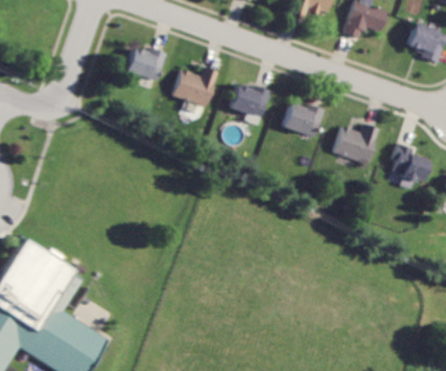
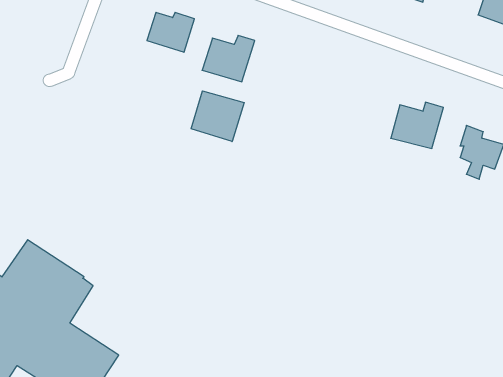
building: [231,85,270,117] -> none
building: [285,104,325,136] -> none
building: none -> [191,91,244,142]

